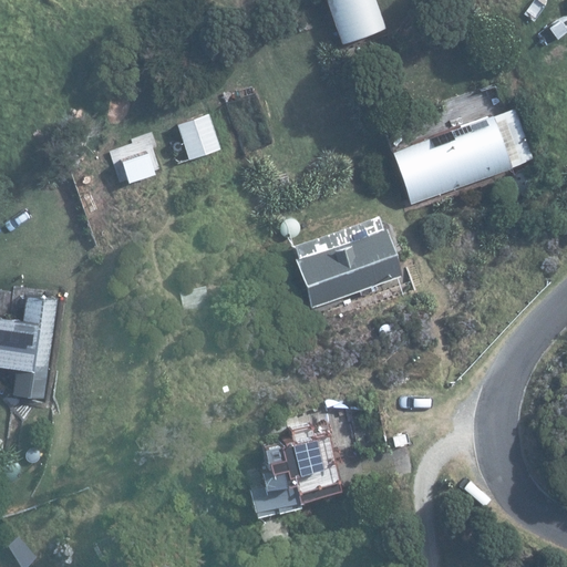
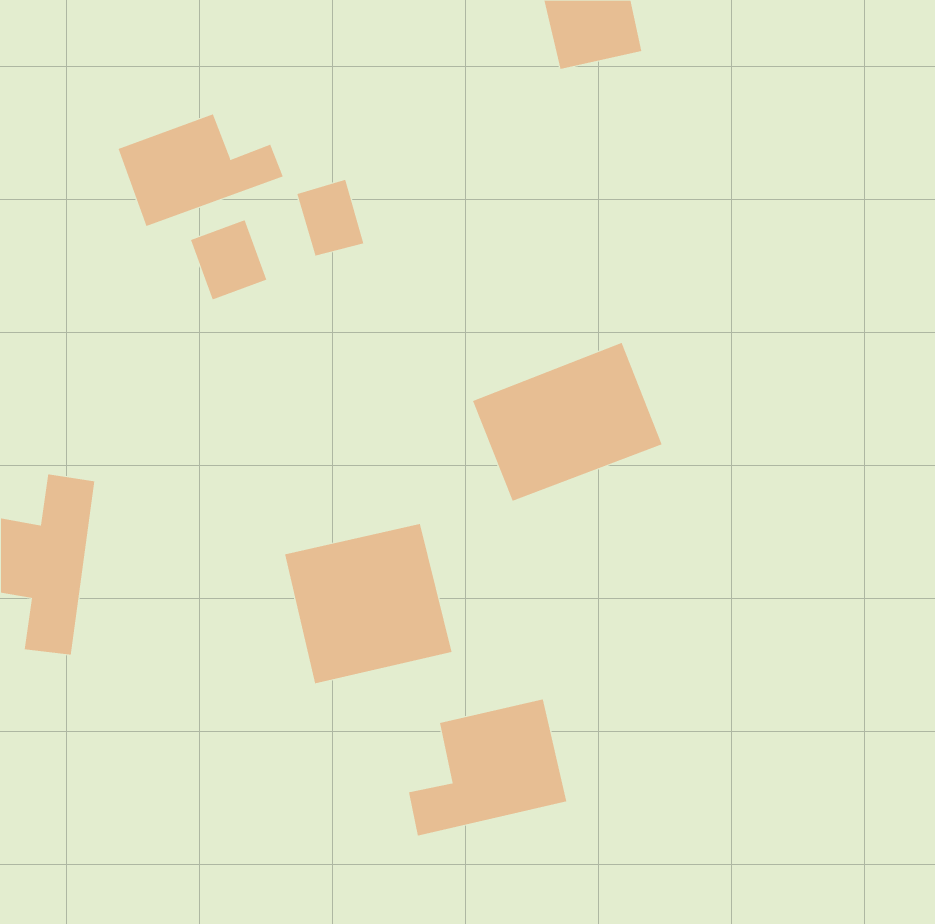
building: none -> [118,114,284,227]
building: [389,109,534,203] -> none
building: none -> [284,523,452,684]

